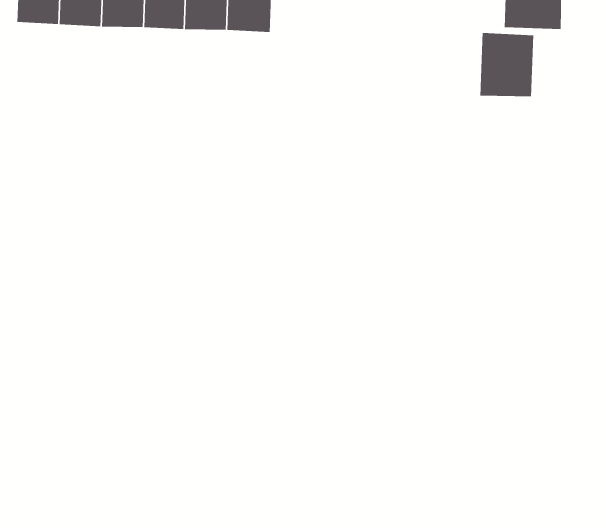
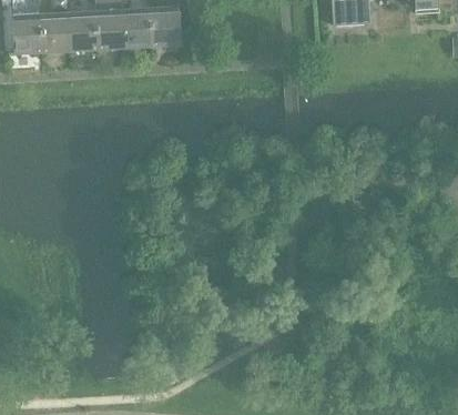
building: [480,32,534,97] -> none

